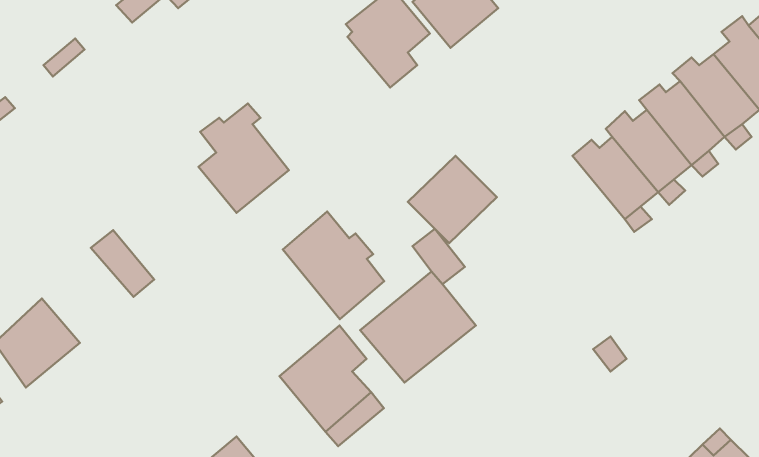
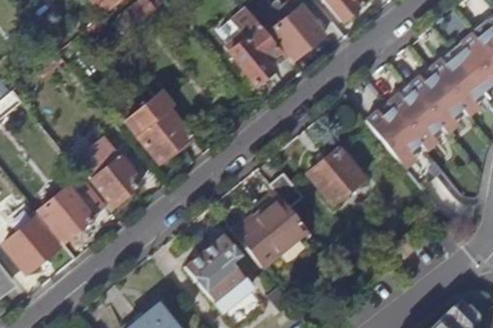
building: [408,156,497,243] -> [310,148,366,203]
building: [283,211,384,319] -> [77,137,141,205]
building: none -> [38,184,93,240]

